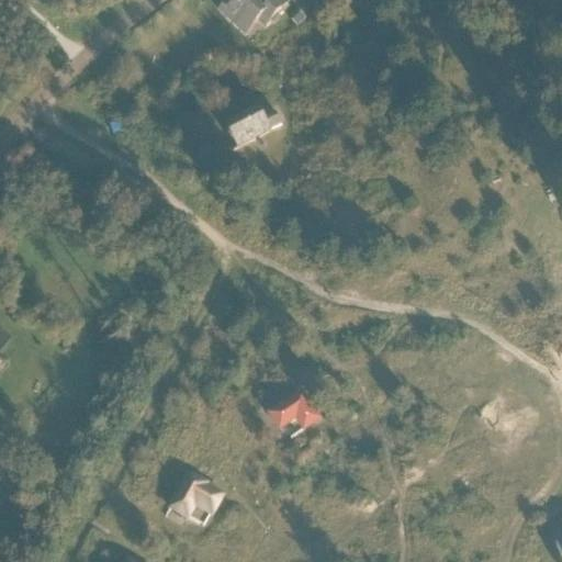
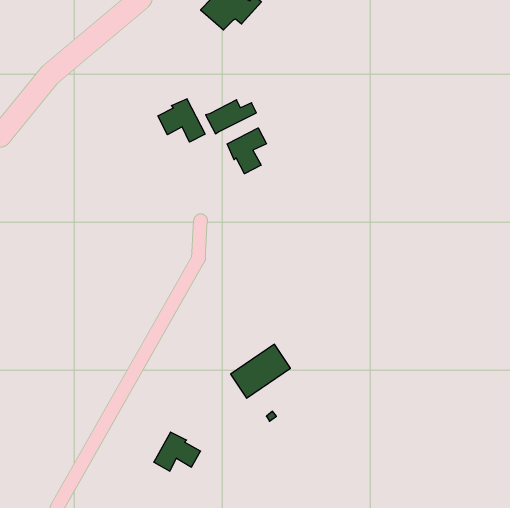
building: none -> [158,99,205,142]
building: none -> [227,128,266,174]

